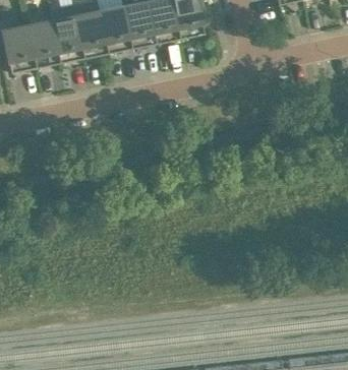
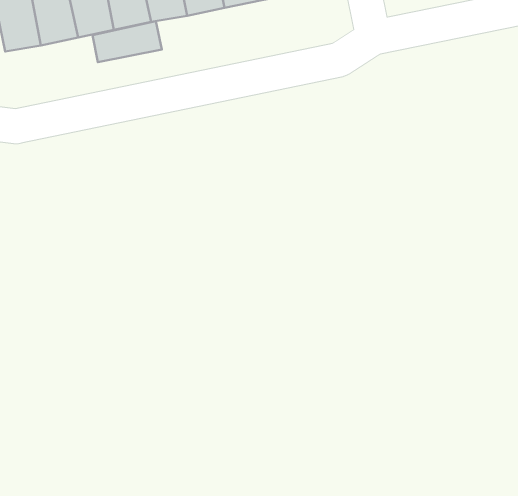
building: none -> [93,21,162,62]

